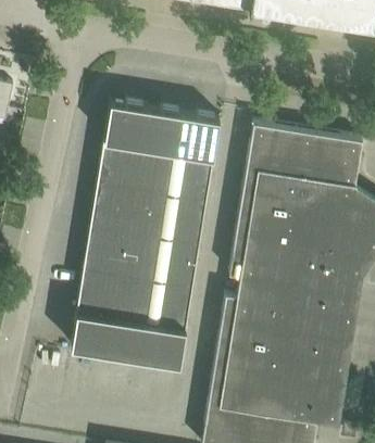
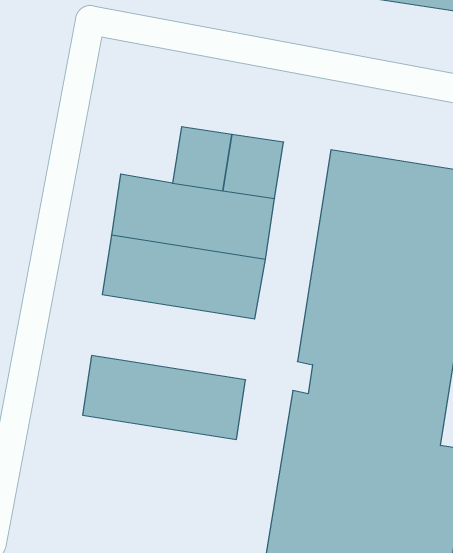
building: [104,99,148,145] -> none
building: [84,225,200,286] -> none
building: [72,311,187,363] -> none

